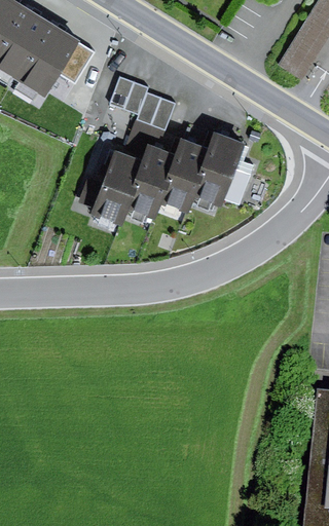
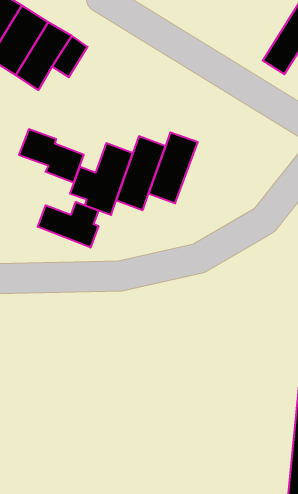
building: [109,76,177,132] -> [19,129,84,182]
building: [192,135,252,209] -> none
building: none -> [38,202,99,248]

